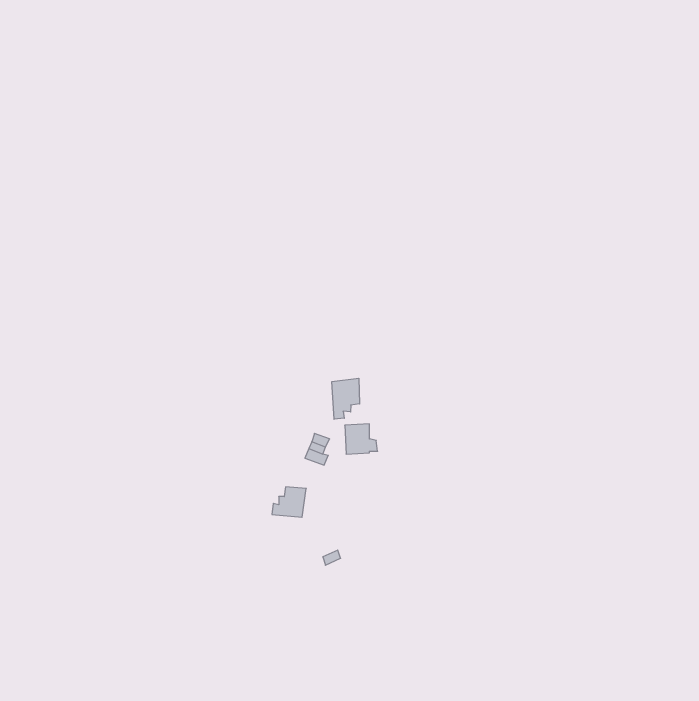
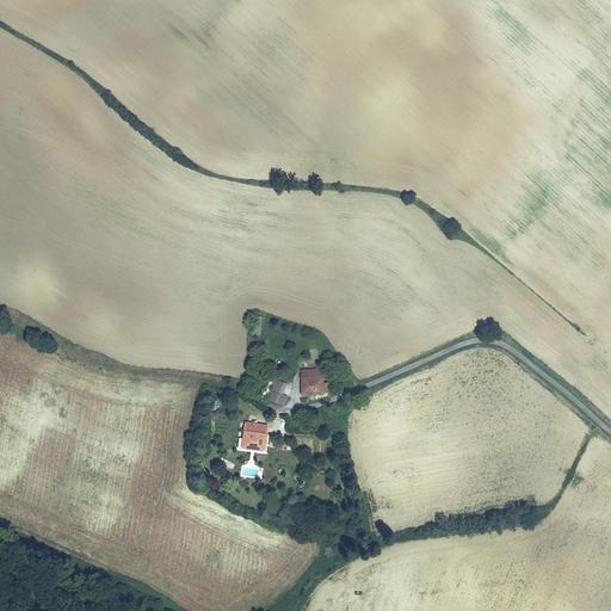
building: [332,378,360,419] -> none

